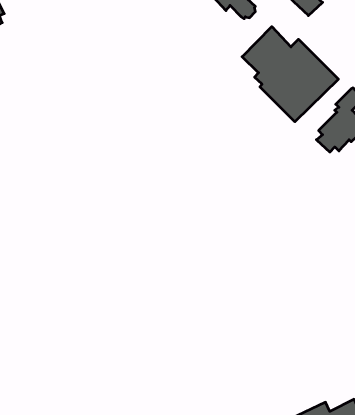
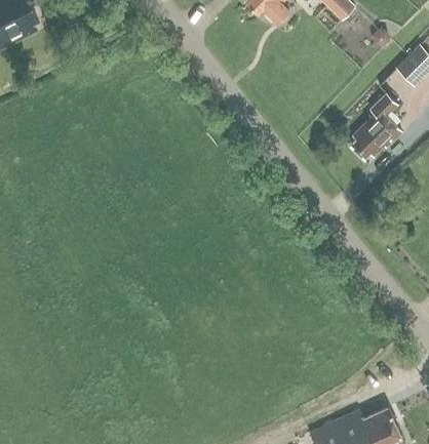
building: [242,27,338,122] -> none

